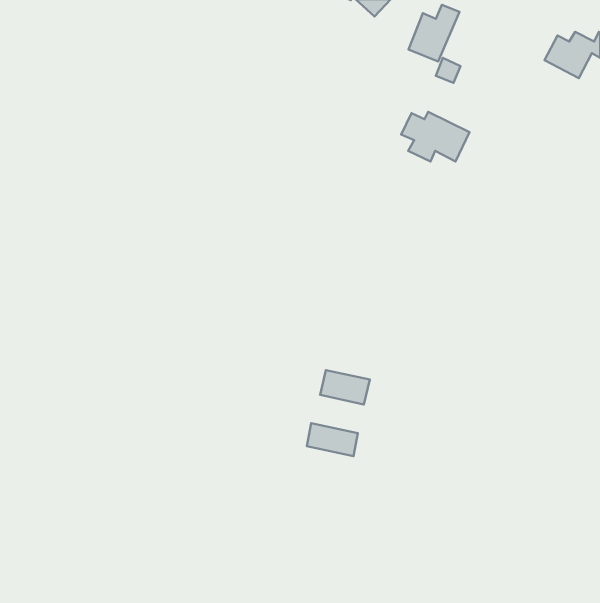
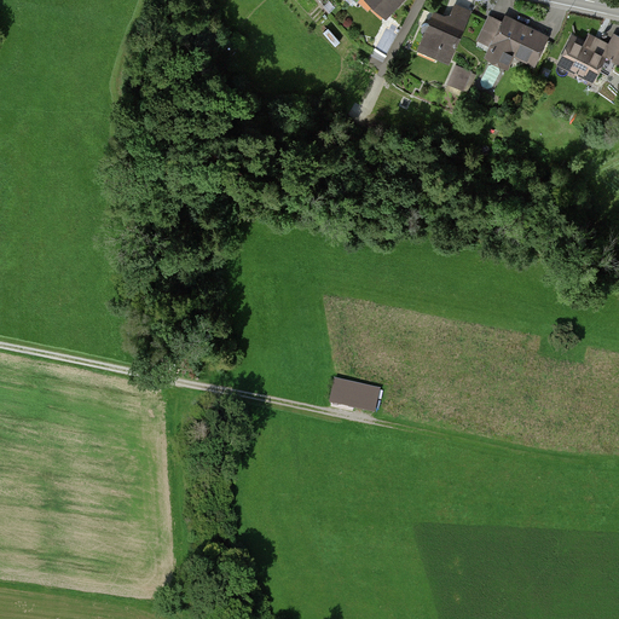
building: [401,112,470,162] -> [476,15,546,65]
building: [307,423,358,456] -> none

